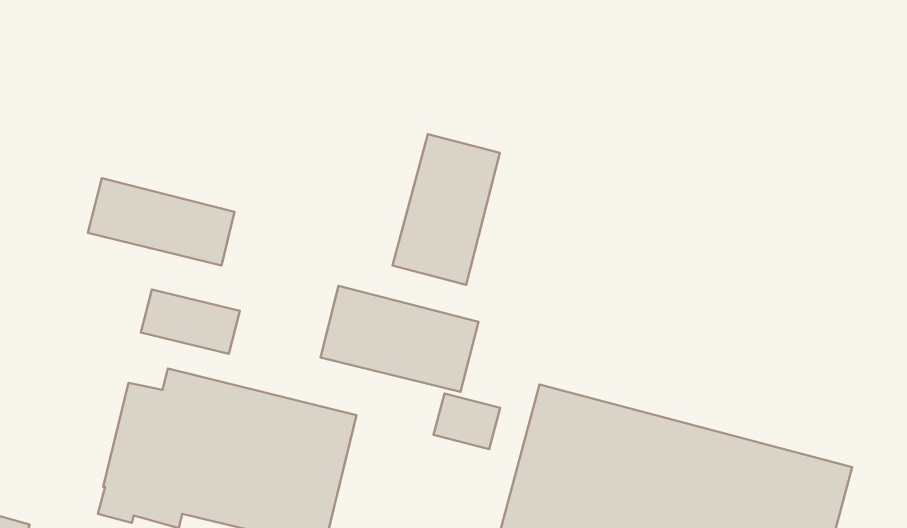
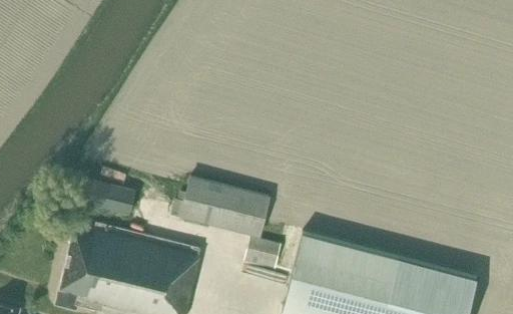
building: [392,134,500,285] -> none
building: [88,178,235,266] -> none

